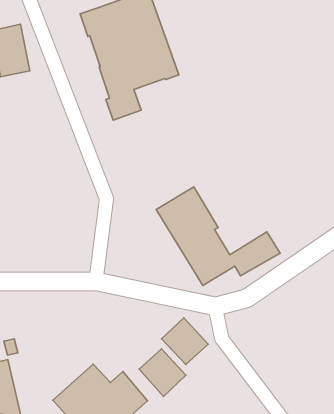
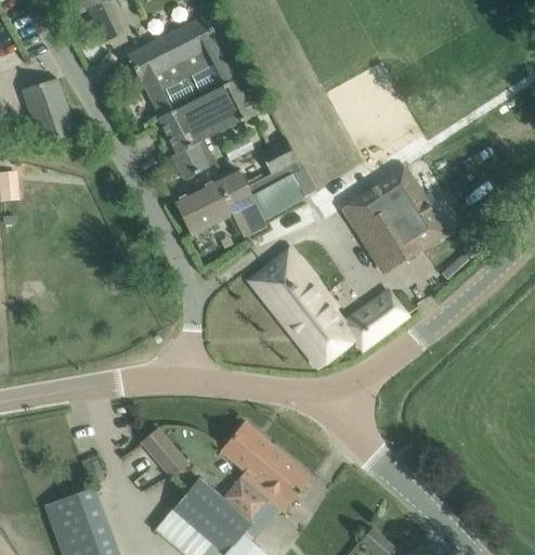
building: none -> [173,140,313,238]
building: none -> [344,168,446,272]
building: [161,318,208,364] -> [220,422,277,478]
building: none -> [141,428,187,478]

